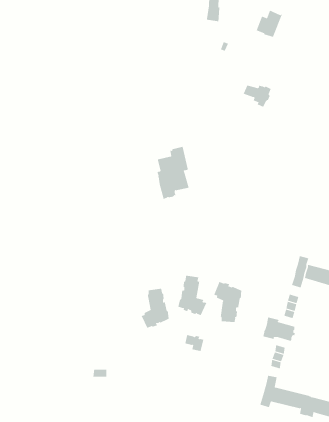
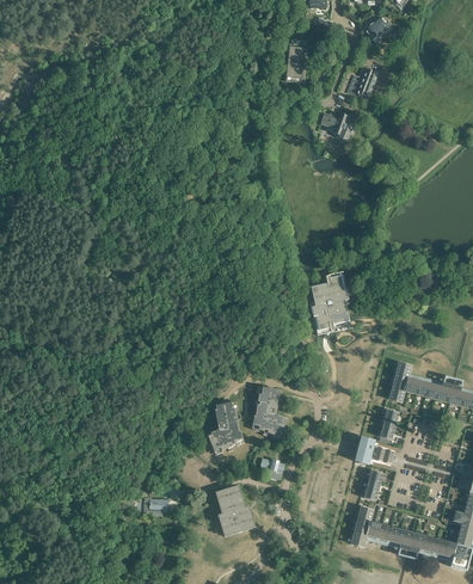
building: [243,85,272,108] -> [321,112,356,140]
building: [157,146,189,200] -> [311,270,350,334]
building: [214,281,242,323] -> none
building: none -> [216,485,254,535]

